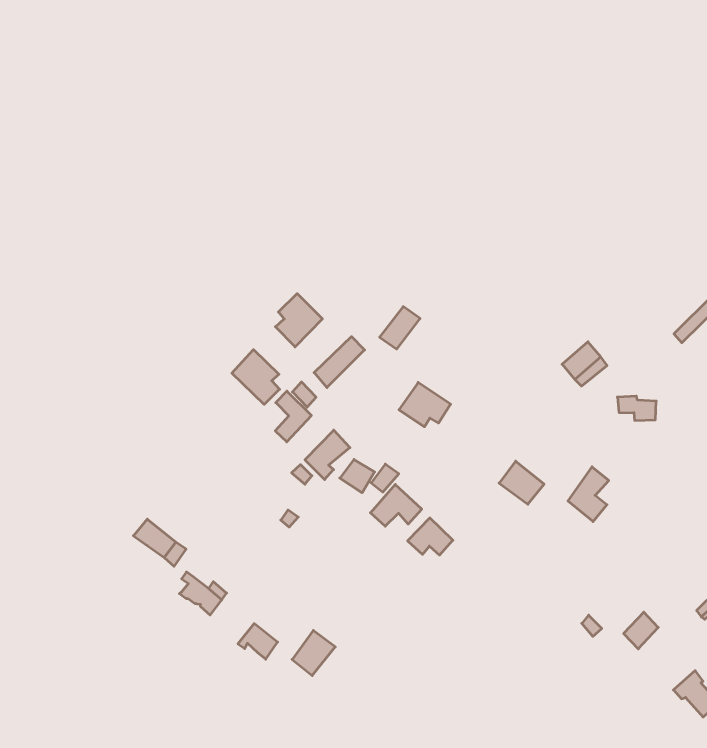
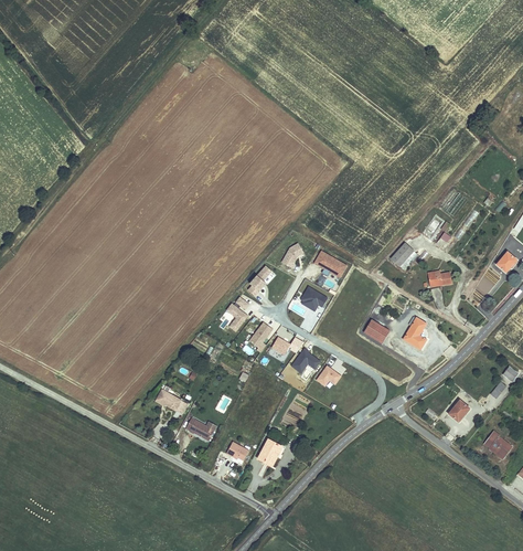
building: [275,294,322,347] -> none
building: none -> [313,248,348,277]
building: [232,350,280,404] -> none

